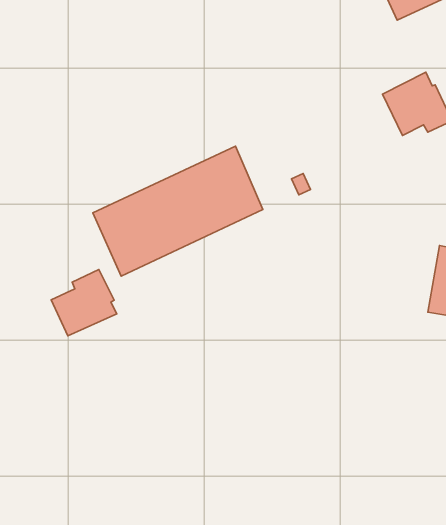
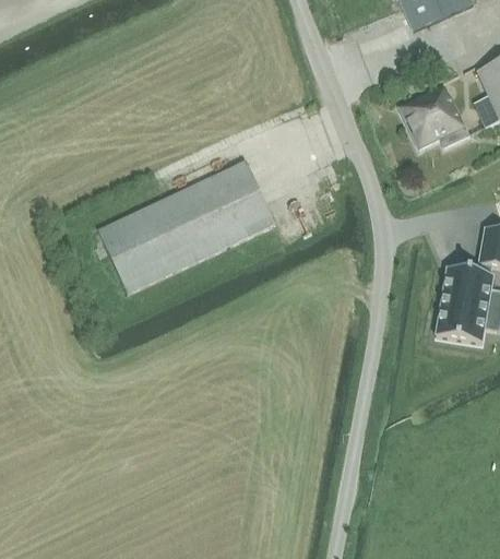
building: [51,269,117,336] -> none

